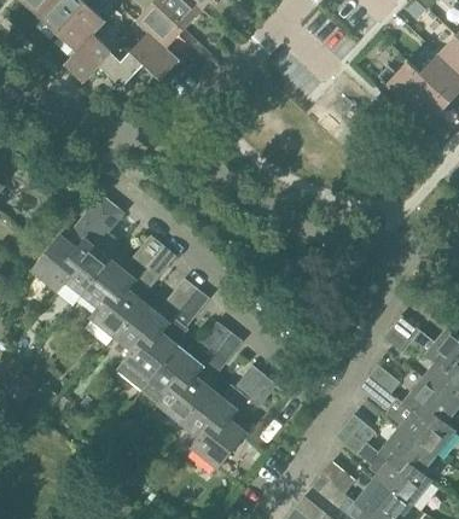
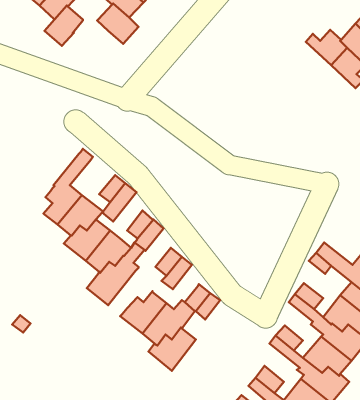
building: [101,46,144,86] -> none
building: [33,194,114,292] -> none
building: [144,345,205,403] -> none

